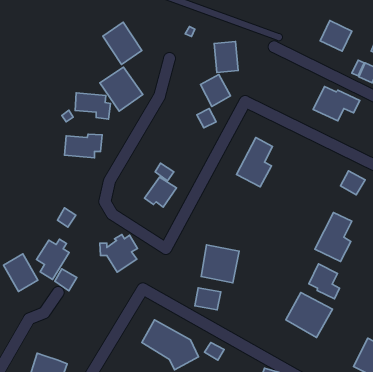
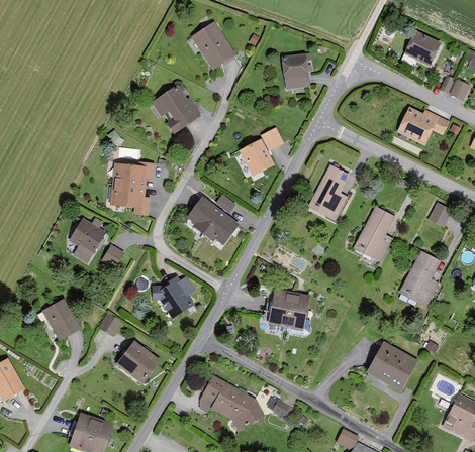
building: [103,22,142,64] -> [191,21,235,70]
building: [200,75,230,106] -> [240,139,274,176]
building: [75,93,110,119] -> [110,185,151,215]
building: none -> [186,197,220,234]
building: none -> [355,206,394,260]
building: [37,239,69,280] -> [69,218,106,264]
building: [309,264,340,299] -> none
building: [195,288,221,310] -> none
building: none -> [116,340,161,384]

